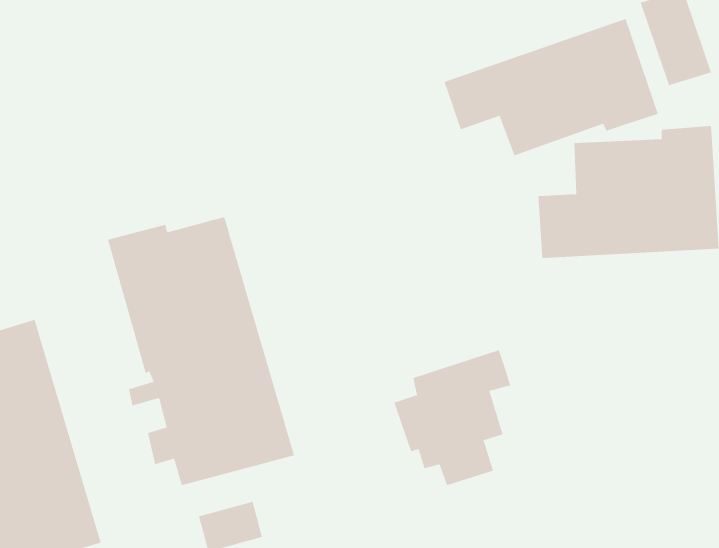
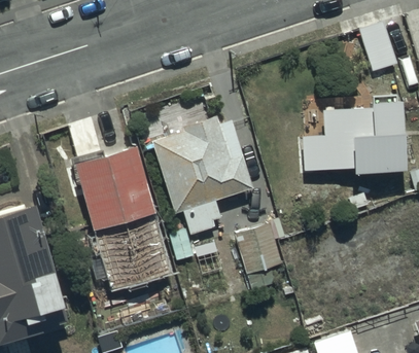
building: [444,18,659,156] -> none
building: none -> [152,117,253,261]

